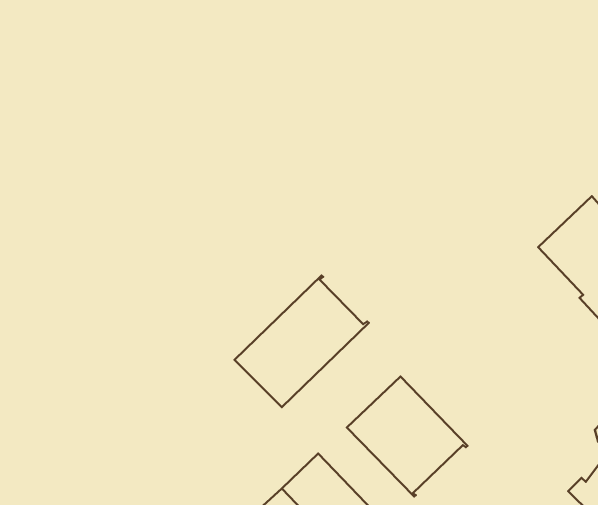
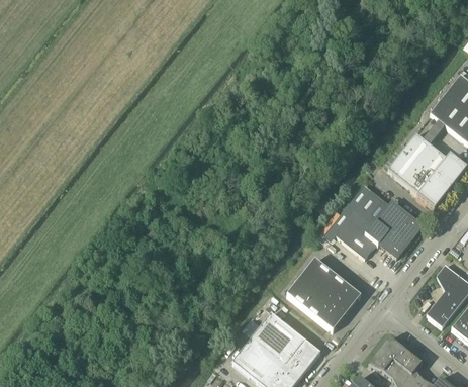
building: none -> [334,188,420,258]
building: [235,276,369,407] -> none

